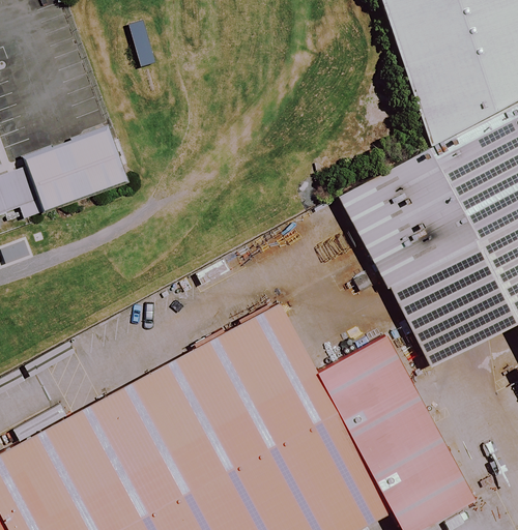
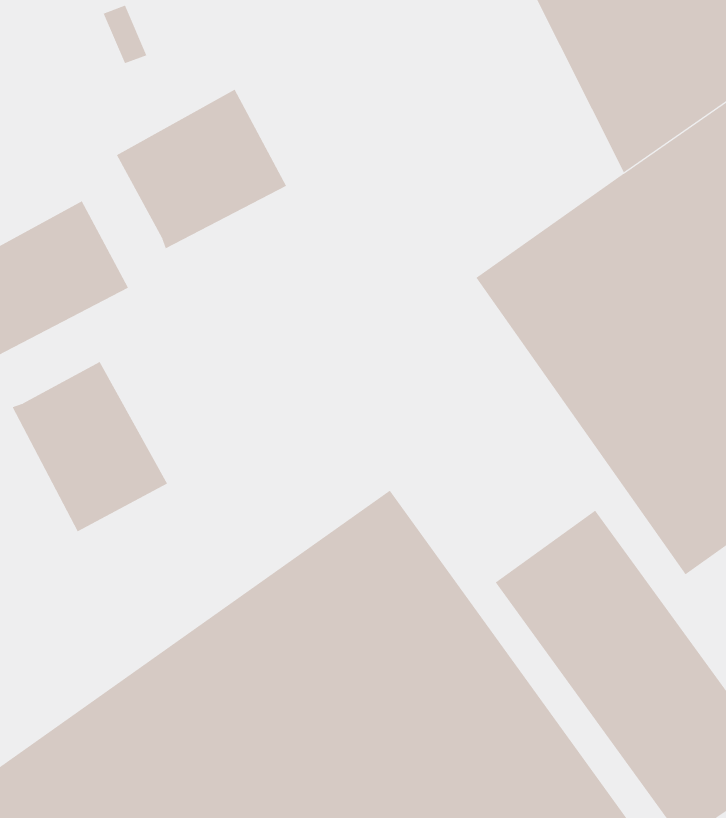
building: none -> [116,89,287,249]
building: none -> [12,361,168,532]

